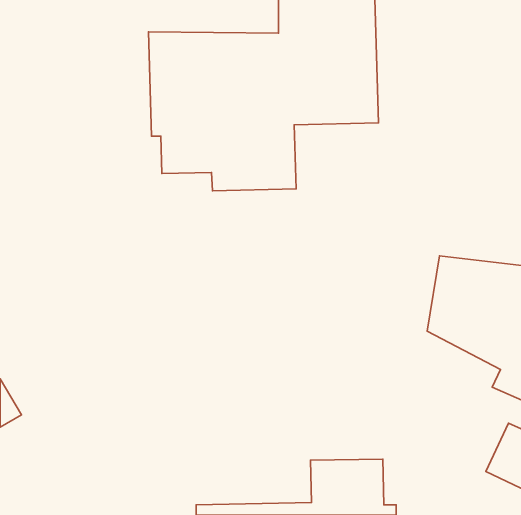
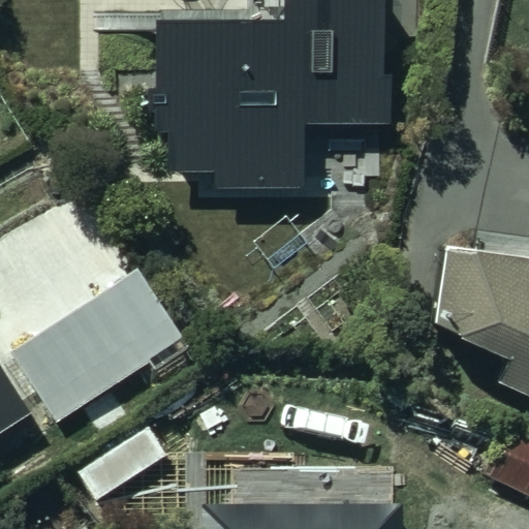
building: none -> [14,268,184,417]

